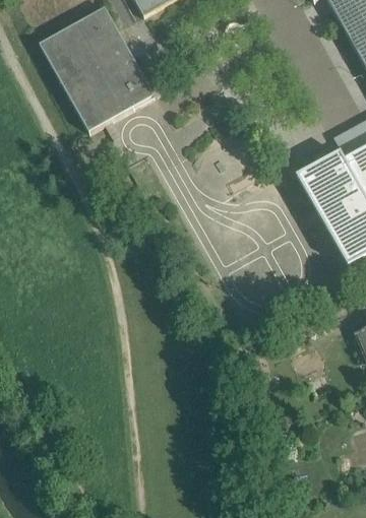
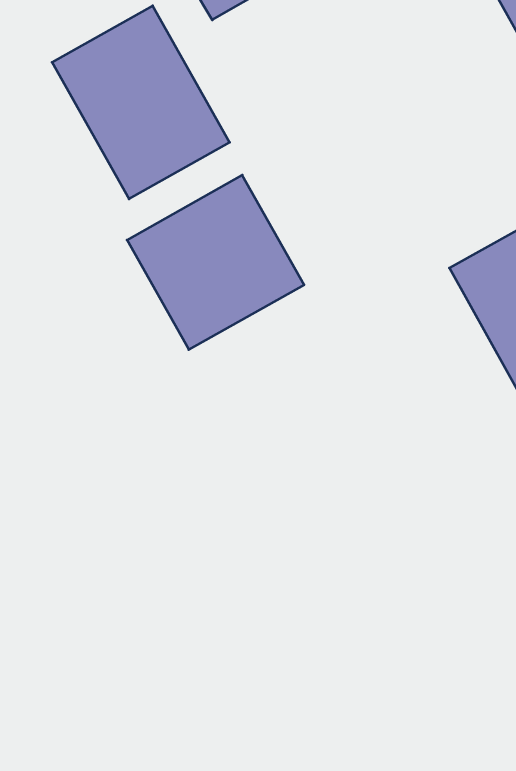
building: none -> [127,175,304,350]

